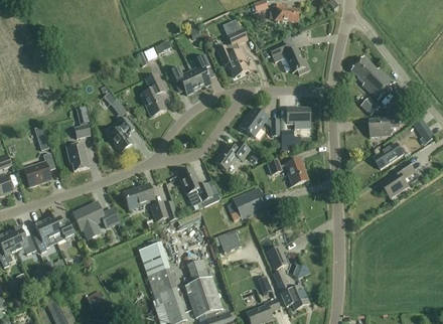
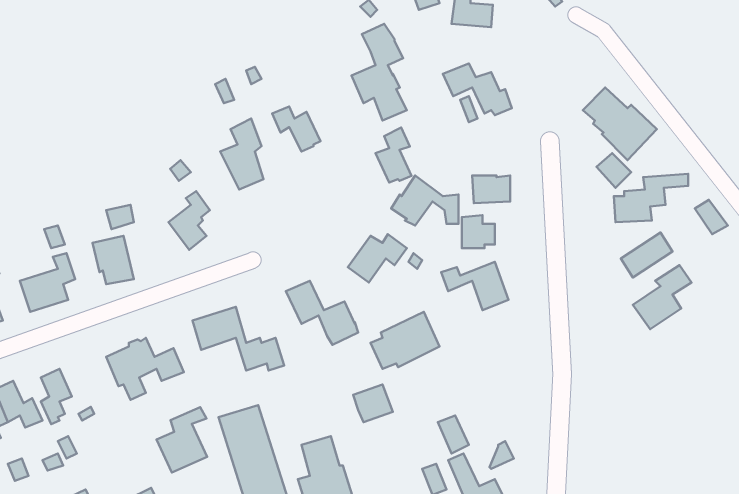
building: [190,55,211,88] -> [375,127,412,183]
building: [46,214,73,244] -> none
building: none -> [157,407,207,472]

